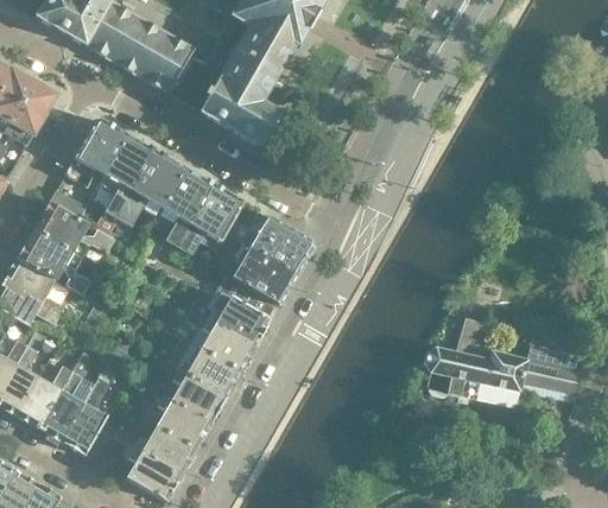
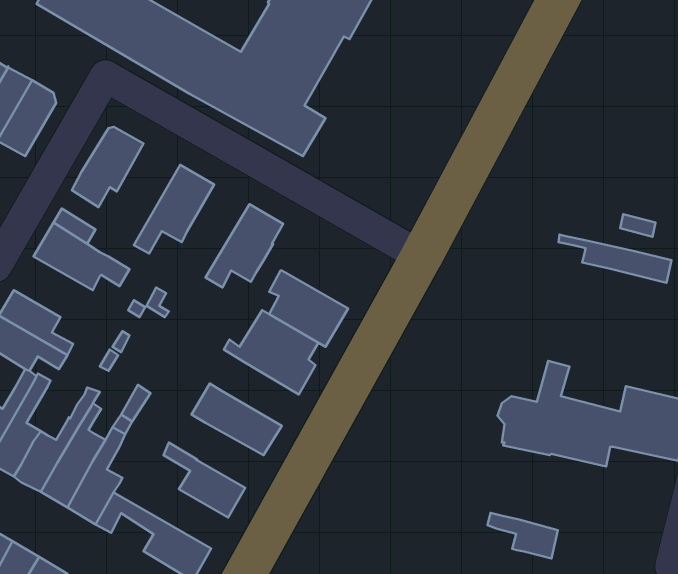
building: [99,133,157,218] -> none
building: [158,167,215,246] -> none
building: [227,209,312,272] -> none
building: none -> [559,234,672,283]
building: [17,228,90,294] -> none
building: [185,309,256,370] -> none
building: [170,368,227,423] -> none
building: [102,420,197,474] -> none
building: none -> [487,513,558,558]

